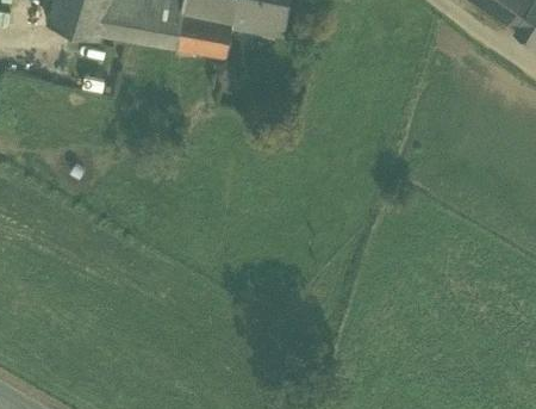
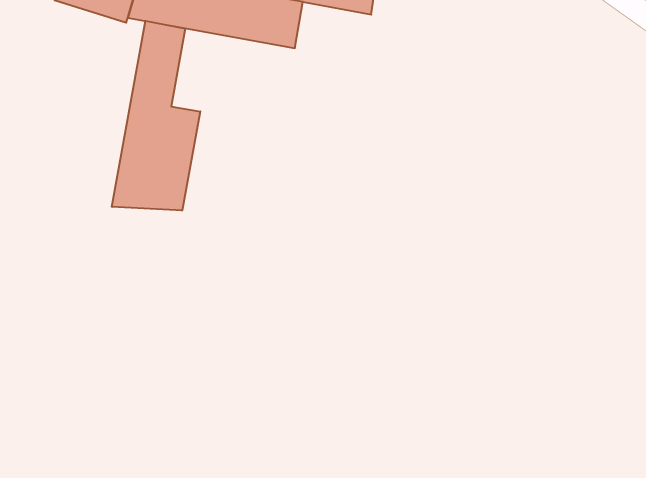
building: none -> [112,21,200,211]

